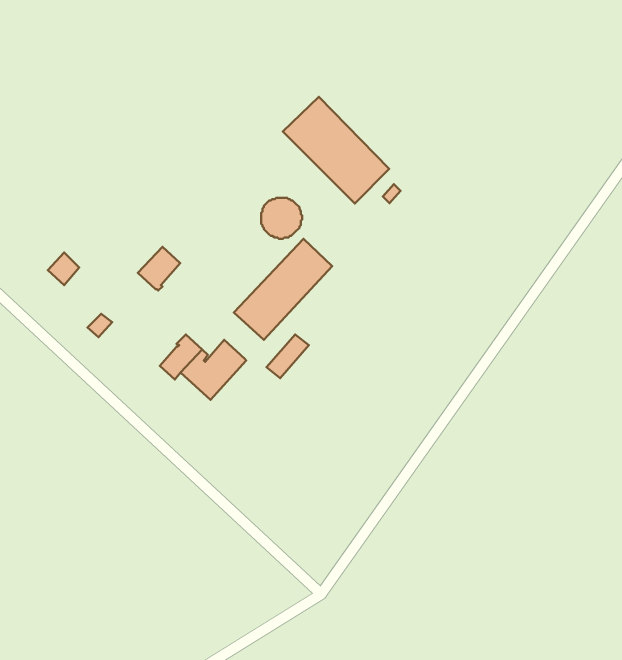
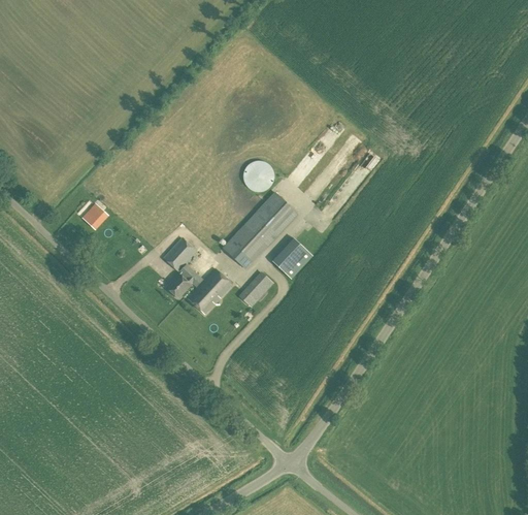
building: [283,97,389,203] -> none
building: [138,247,180,290] -> [163,238,195,271]
building: none -> [271,237,312,279]

